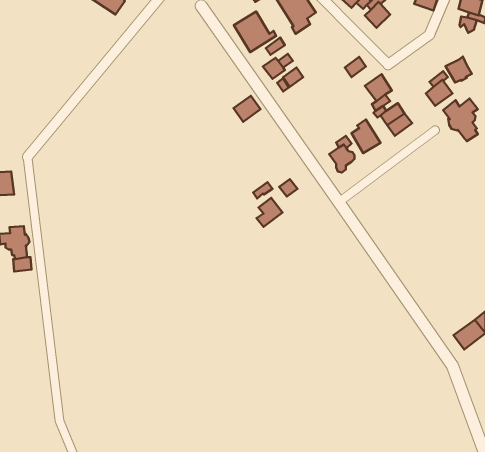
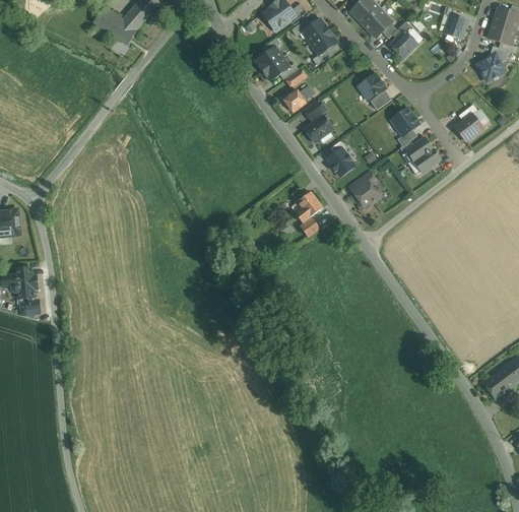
building: none -> [358,73,385,100]
building: [446,57,472,83] -> [476,54,504,81]
building: [234,96,261,122] -> [304,115,332,142]
building: [443,99,478,141] -> none
building: [352,120,380,153] -> [326,142,356,178]
building: [257,198,283,227] -> [295,191,322,221]

